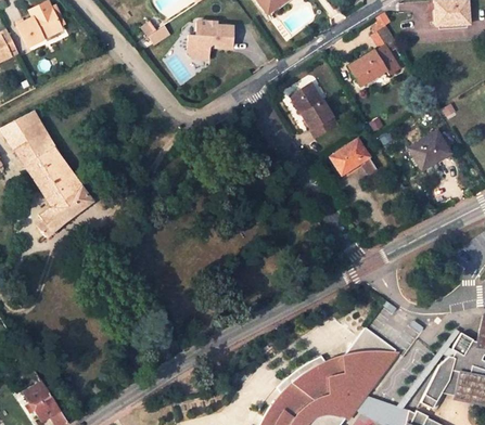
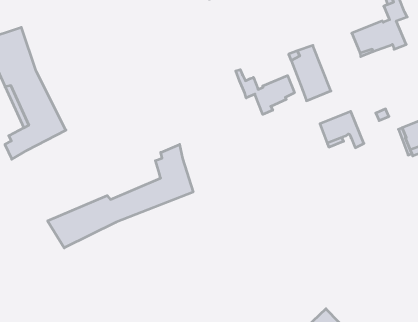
building: none -> [236,70,294,114]
building: none -> [48,144,193,248]

